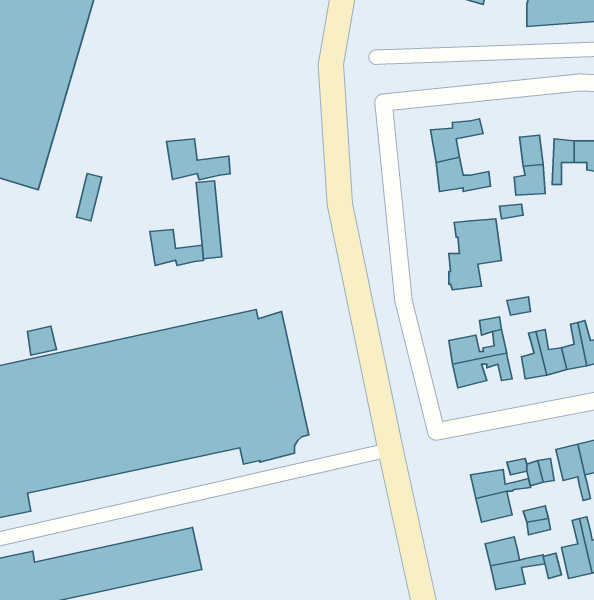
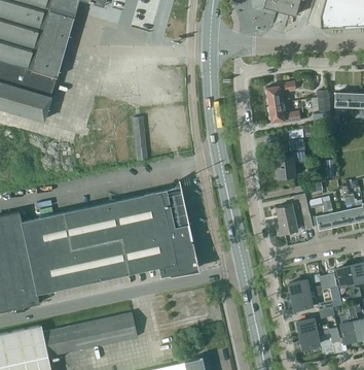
building: [166,139,230,180] -> none
building: [150,229,203,266] -> none

